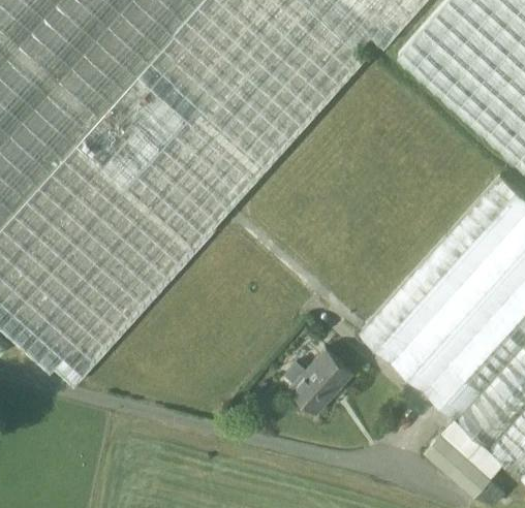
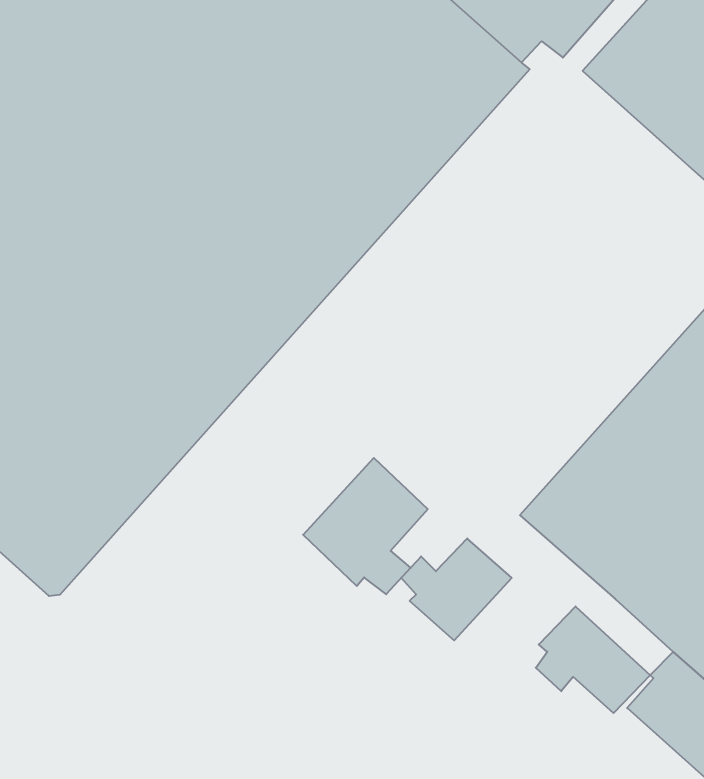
building: none -> [303,458,428,594]
building: none -> [536,606,650,713]

